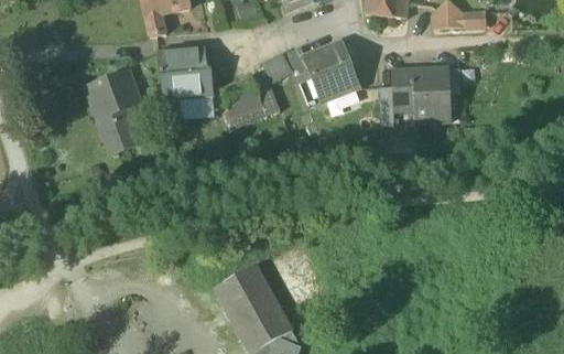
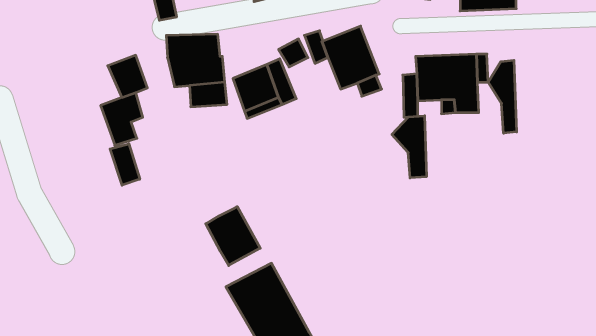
building: none -> [488,60,517,133]
building: [84,79,115,117] -> none
building: none -> [392,116,426,178]
building: none -> [110,144,140,185]
building: none -> [206,207,260,266]

